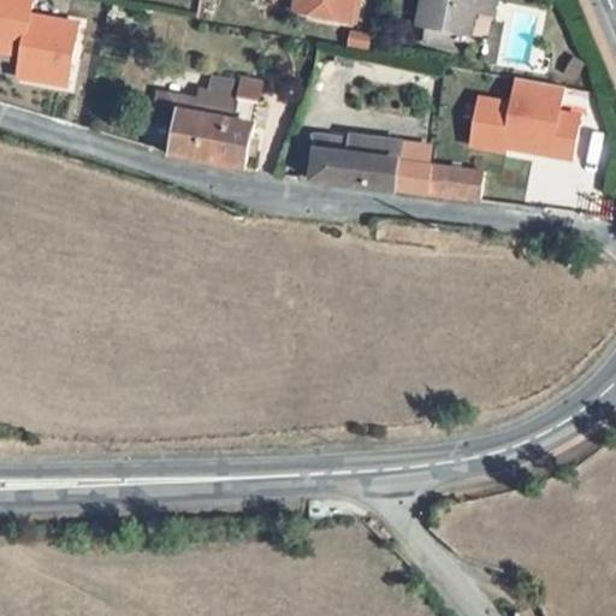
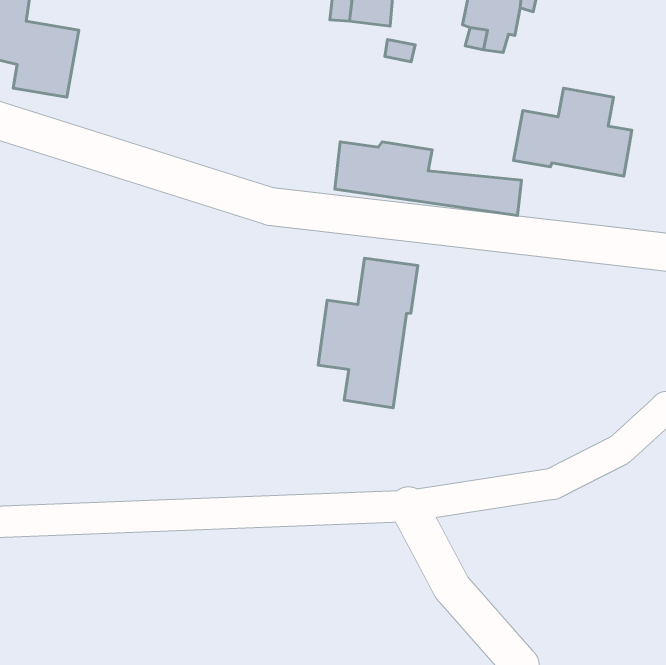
building: [150,70,256,161] -> none
building: none -> [318,258,418,408]

